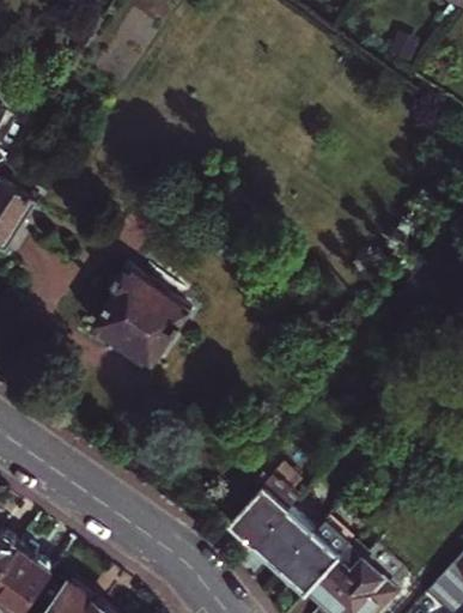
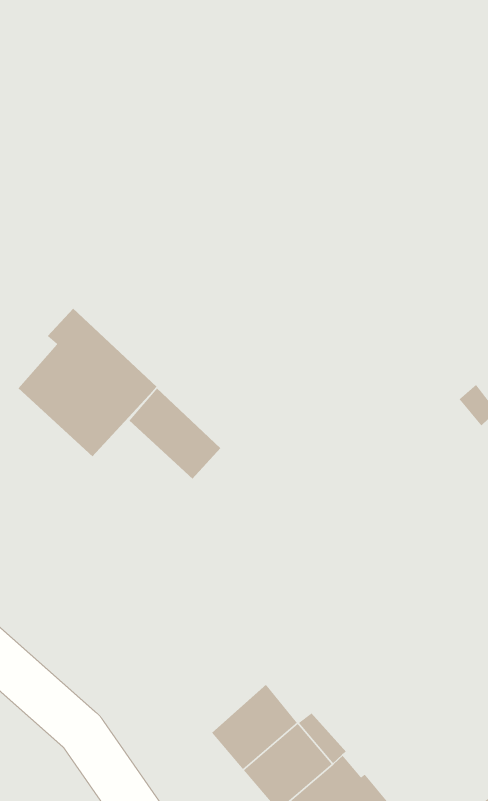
building: none -> [129,388,221,479]
building: [230,475,298,545] -> none

